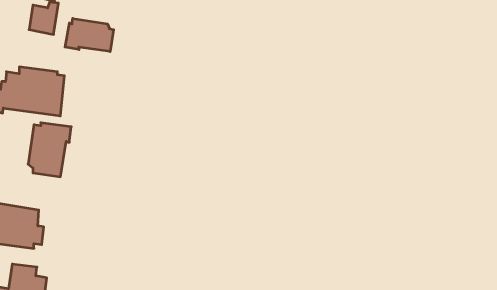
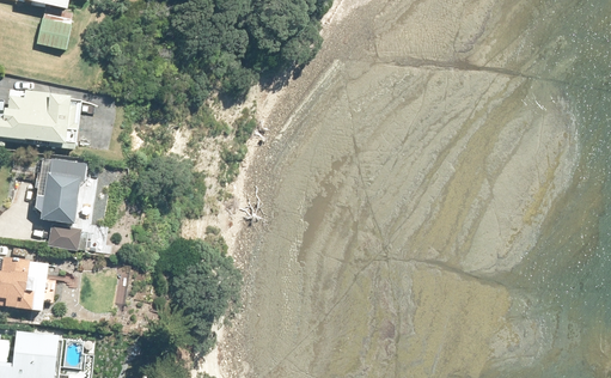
building: [65,18,114,52] -> none
building: none -> [47,222,80,249]

